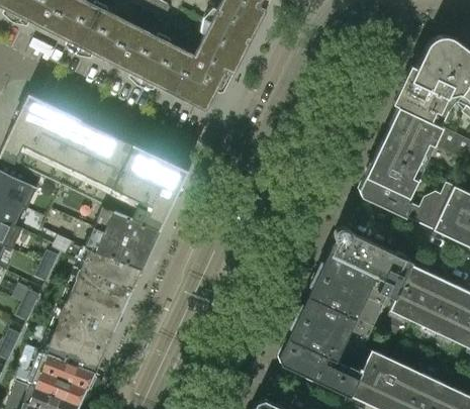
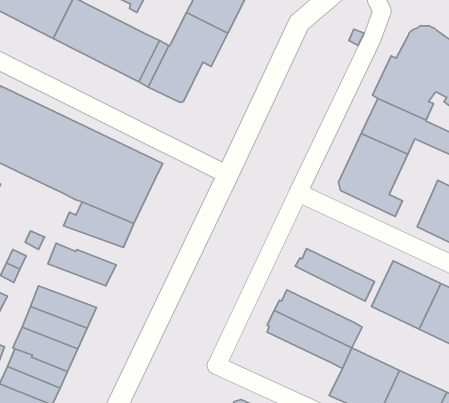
building: [415,183,457,231] -> none
building: [328,226,413,288] -> none
building: [84,230,150,269] -> none
building: [67,268,132,310] -> none
building: [309,270,386,325] -> none
building: [280,334,364,396] -> none

